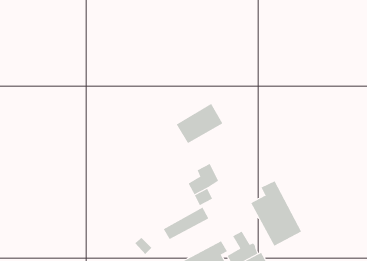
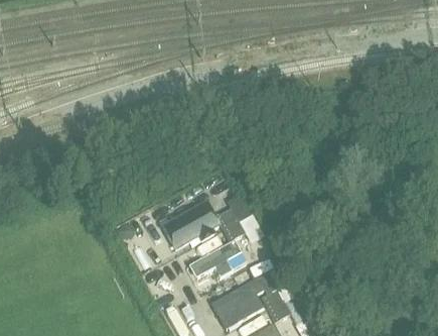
building: [176,103,223,144] -> [164,201,217,247]
building: [250,180,302,247] -> none

